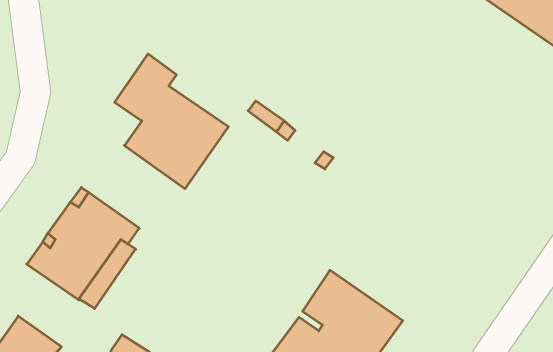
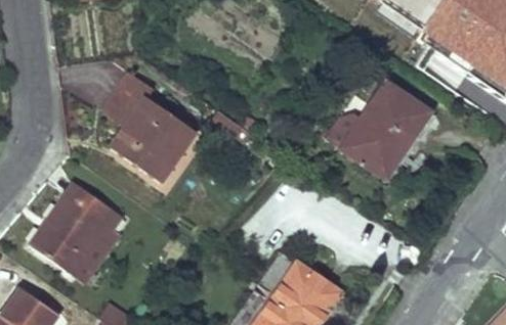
building: none -> [341,82,432,179]

